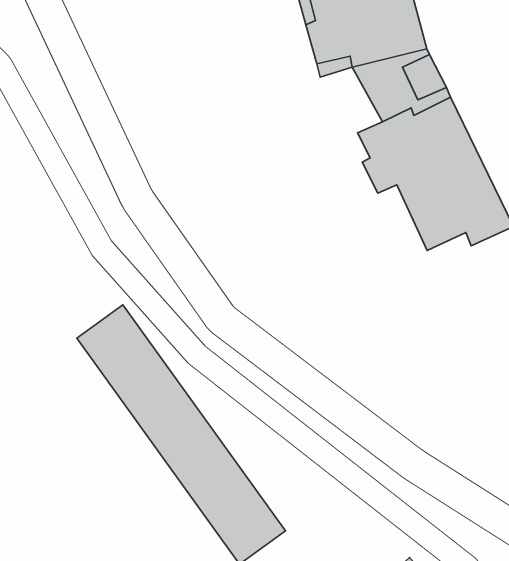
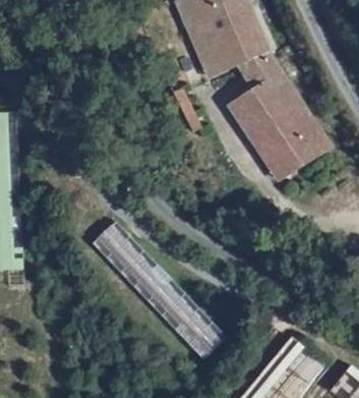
building: none -> [248,129,305,177]

